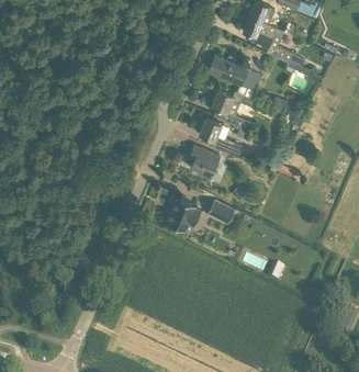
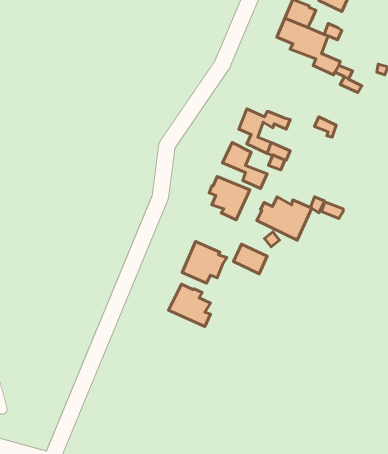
building: [209,55,261,97] -> none
building: none -> [257,197,312,240]
building: none -> [168,284,211,327]

